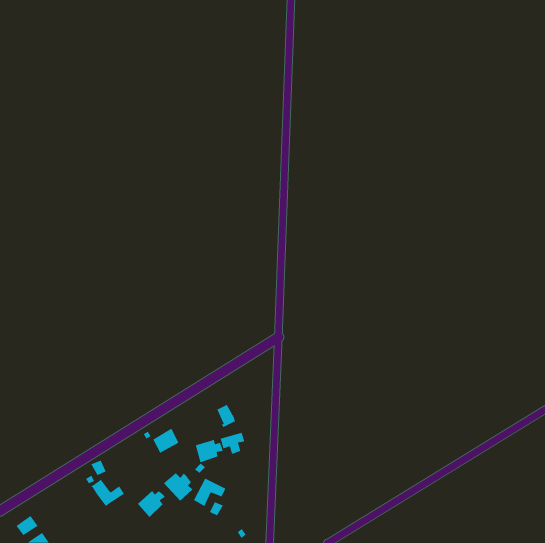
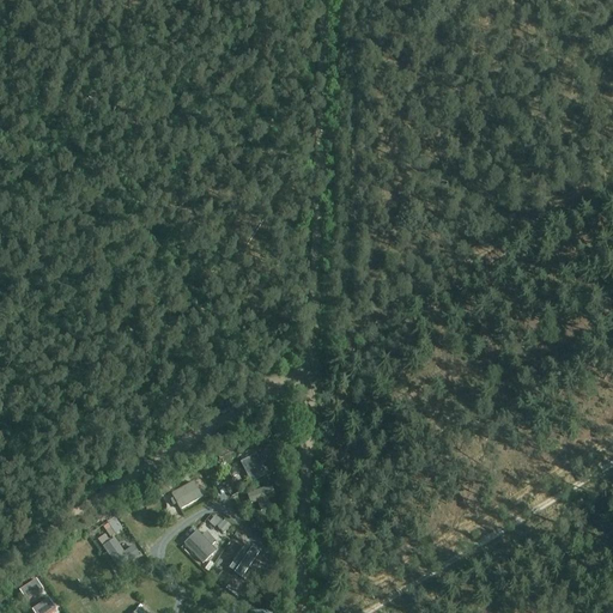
building: [195,439,223,463] -> none
building: [137,490,166,518] -> none

